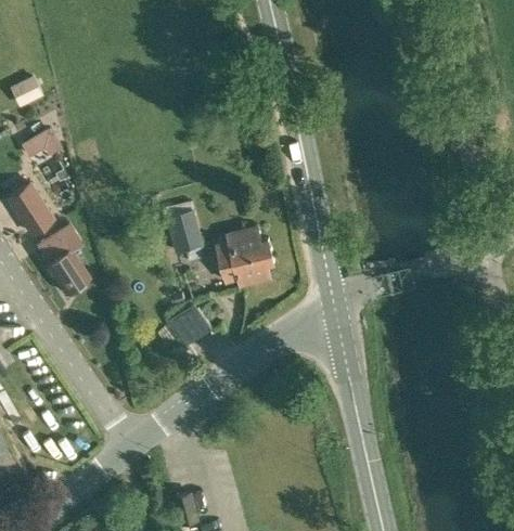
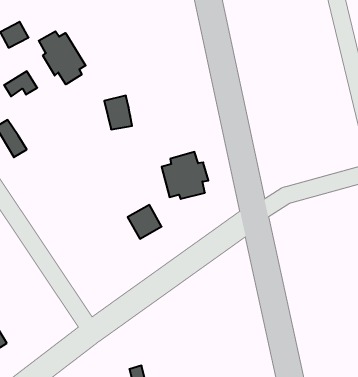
building: none -> [39,31,86,84]
building: [166,212,201,255] -> [104,96,132,129]
building: [36,225,88,295] -> none

